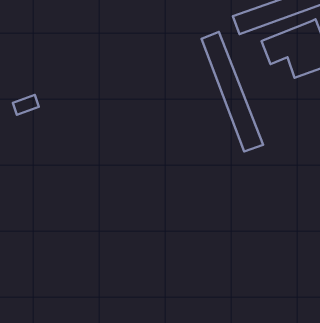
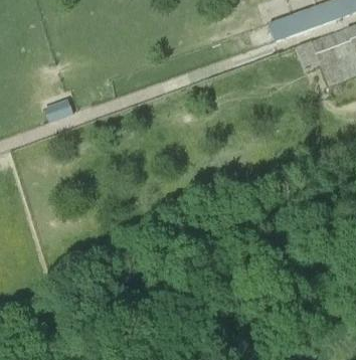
building: [201,32,263,151] -> none

